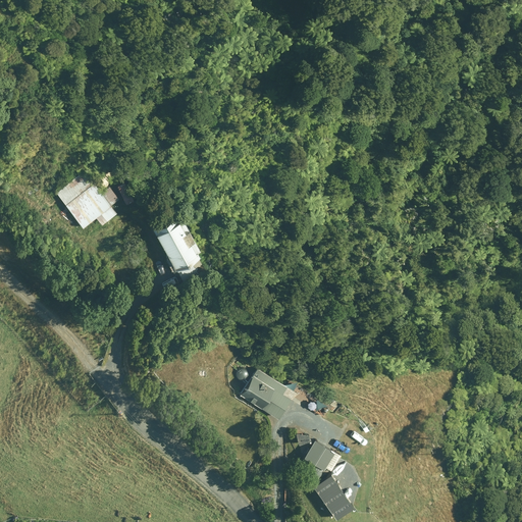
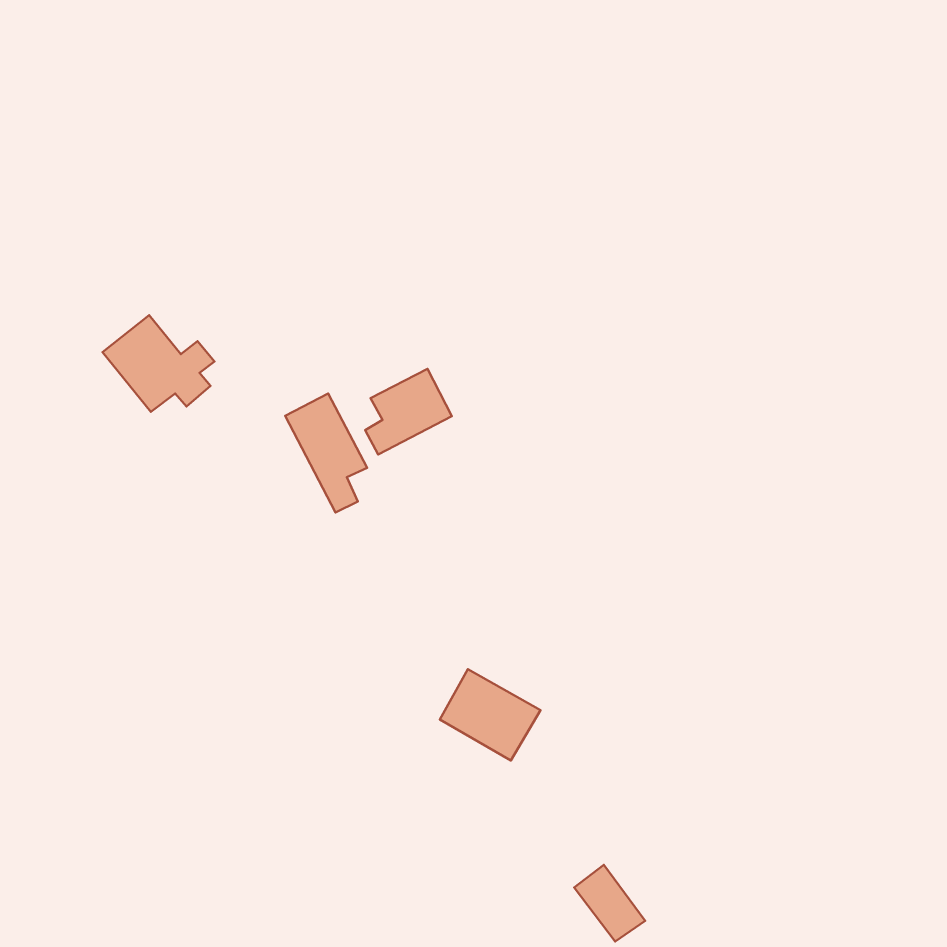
building: none -> [365,369,452,455]
building: [304,440,344,476] -> none

